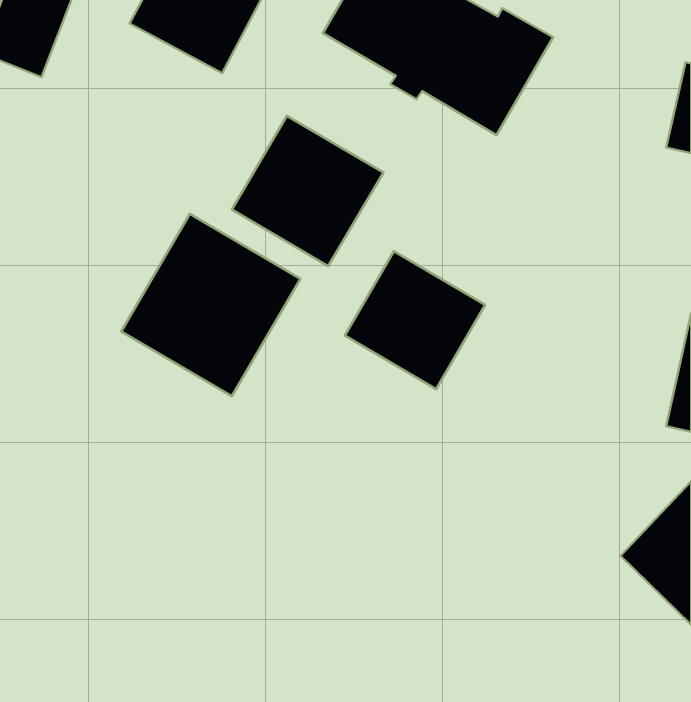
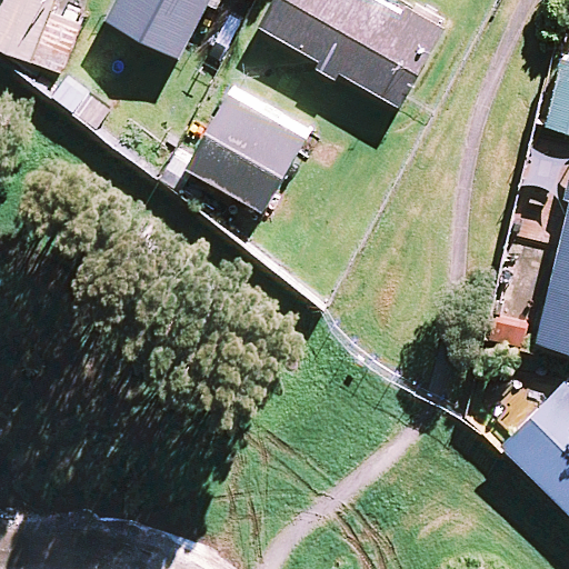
building: [121,214,300,396] -> none
building: [345,251,485,389] -> none

